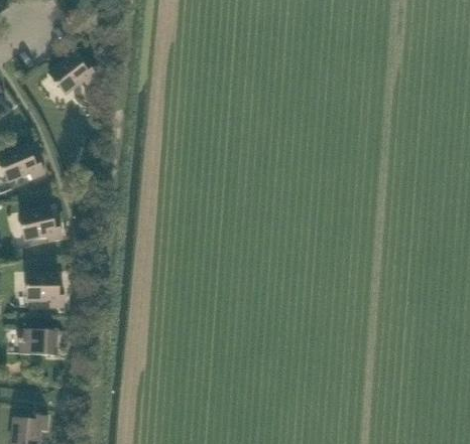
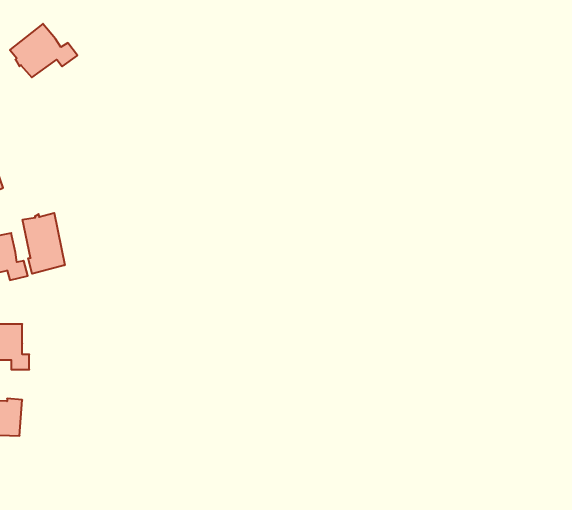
building: none -> [23,213,65,274]

